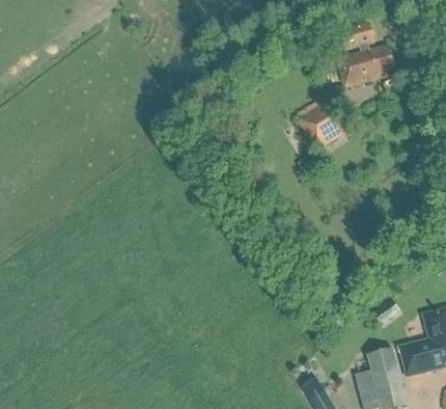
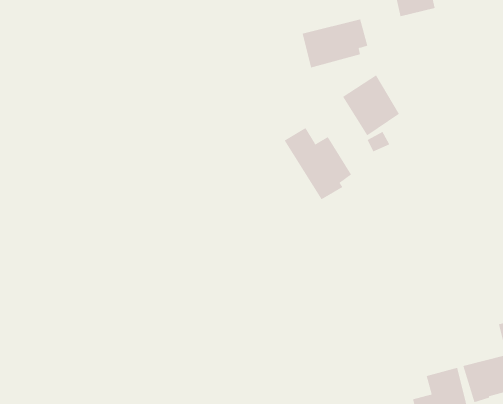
building: [337,46,393,87] -> [302,19,368,68]
building: none -> [284,127,352,200]

